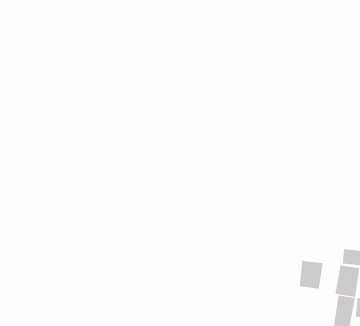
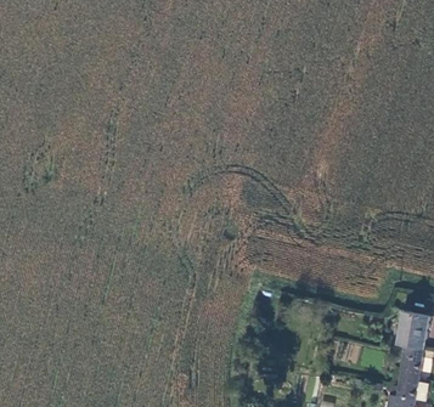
building: [299,259,323,290] -> none

